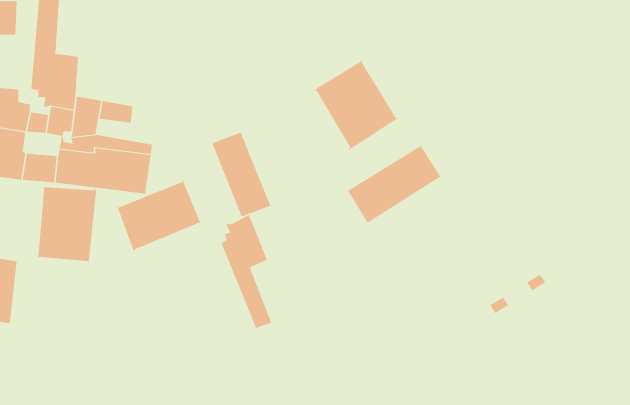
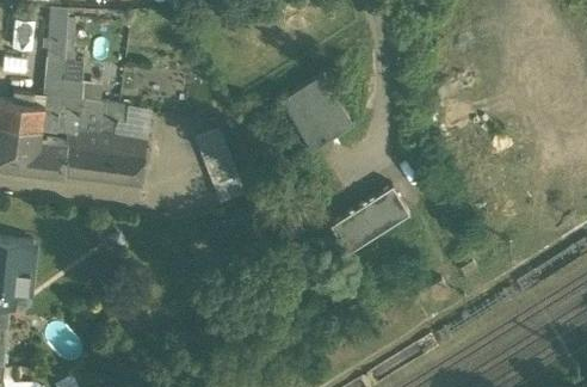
building: [347,145,441,223] -> [330,183,409,248]
building: [117,179,202,252] -> none
building: [37,183,97,266] -> none
building: [221,214,272,329] -> none

